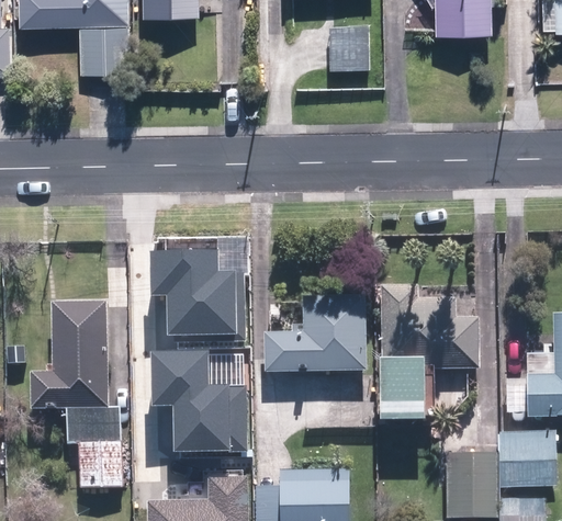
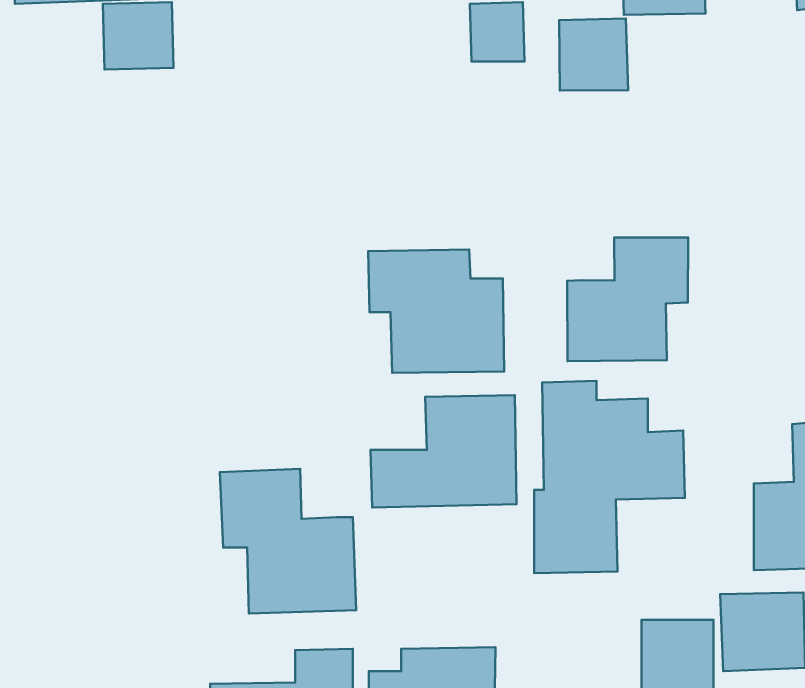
building: none -> [559,18,628,91]
building: none -> [567,238,688,361]
building: [156,247,249,331] -> [368,249,504,373]
building: [29,305,119,487] -> none

